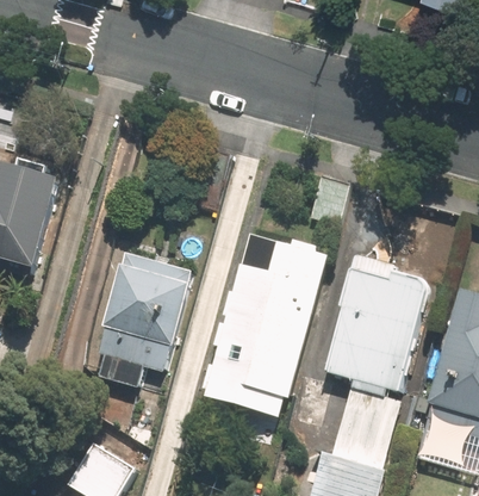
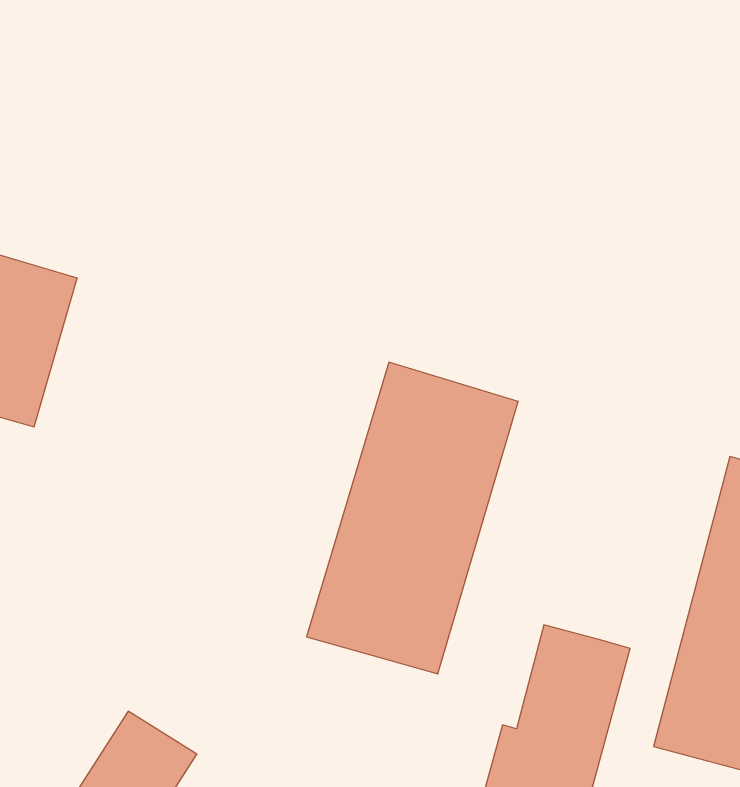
building: [93,249,188,386] -> none
building: [319,260,430,398] -> none

